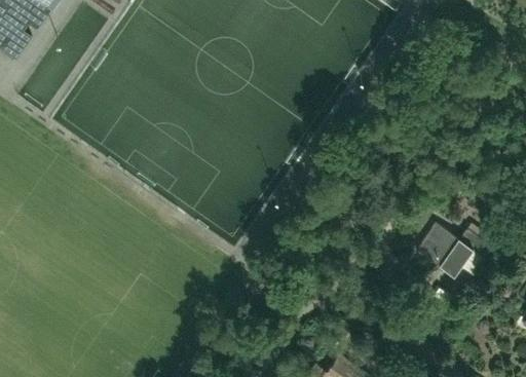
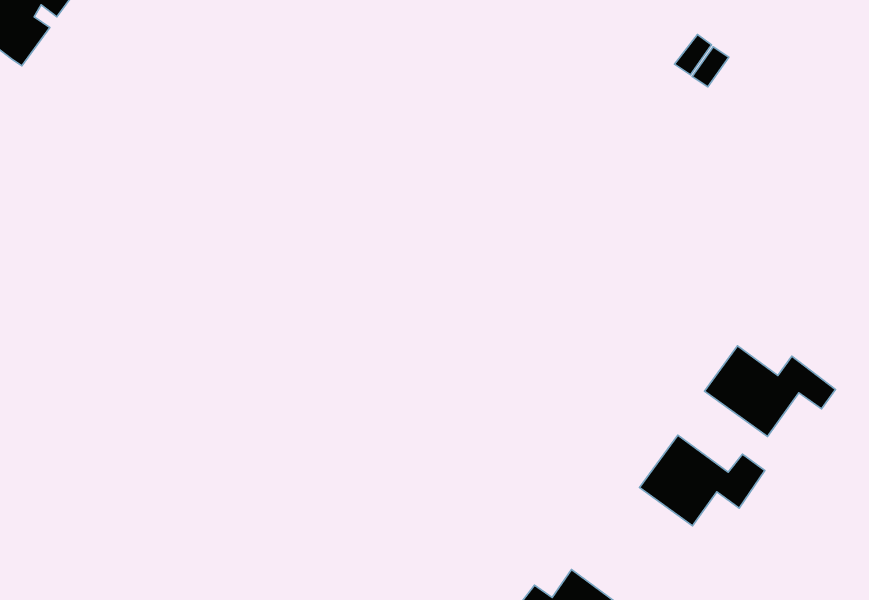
building: none -> [640,435,765,526]

